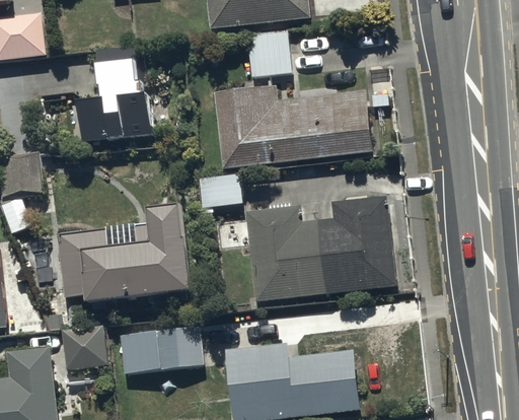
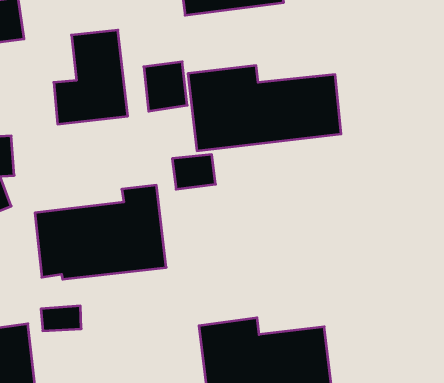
building: [245,28,290,79] -> [144,62,187,111]
building: [244,197,397,301] -> none
building: [121,326,204,373] -> none

